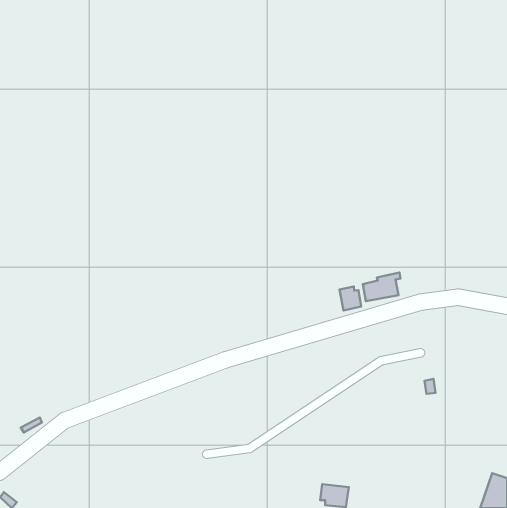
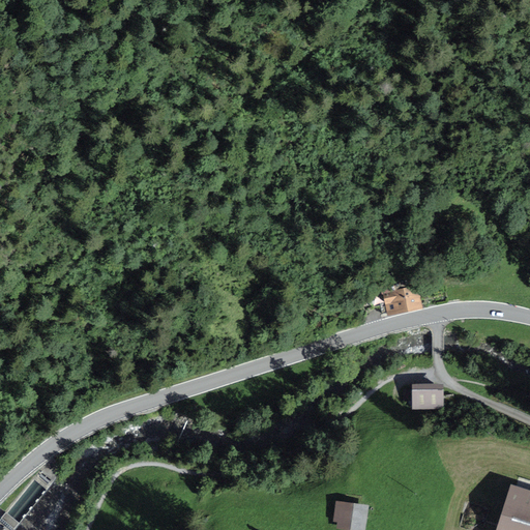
building: [340,287,361,310] -> none
building: none -> [413,389,440,407]

